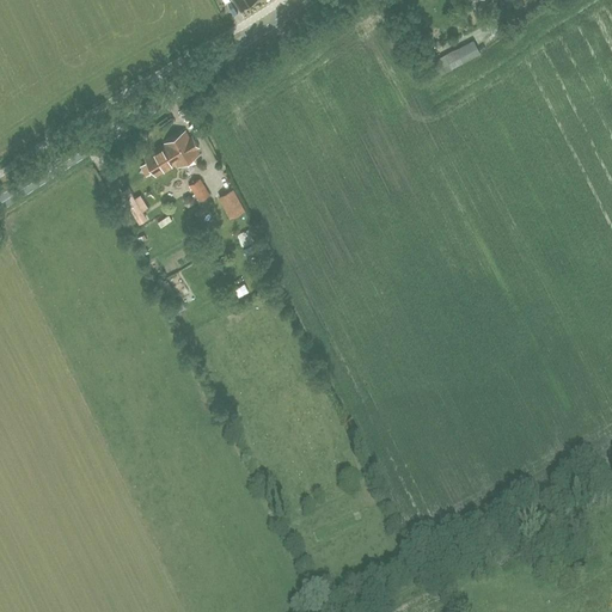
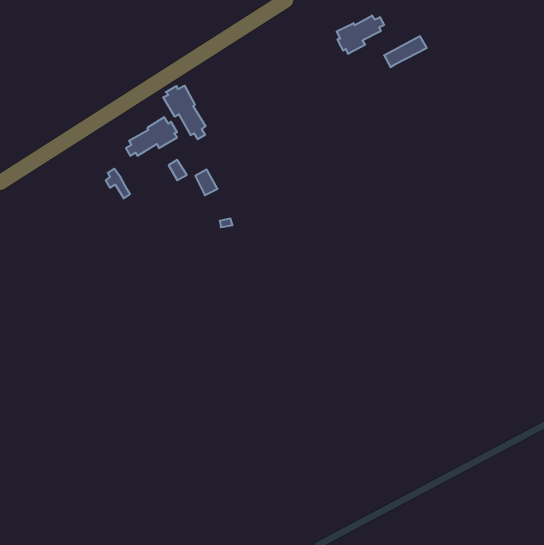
building: none -> [337,15,384,54]
building: none -> [163,86,206,139]

